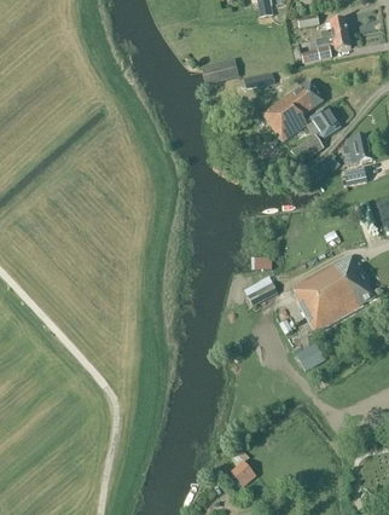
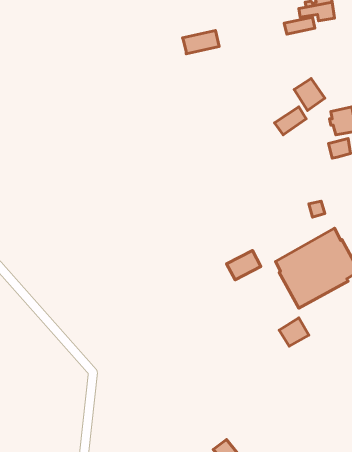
building: [261,79,323,139] -> none

